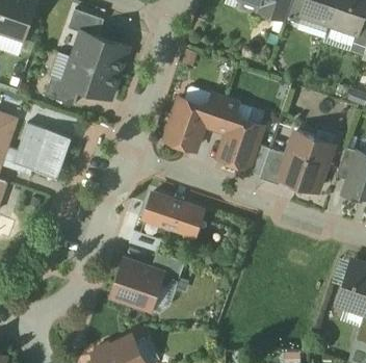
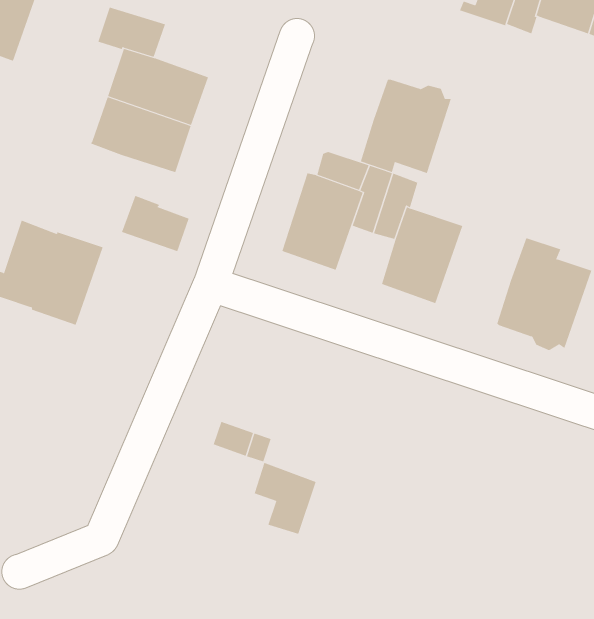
building: none -> [360,79,452,174]
building: [44,76,80,106] -> [121,195,190,252]
building: [259,149,287,185] -> none
building: [143,192,203,235] -> none
building: [111,259,162,309] -> none

